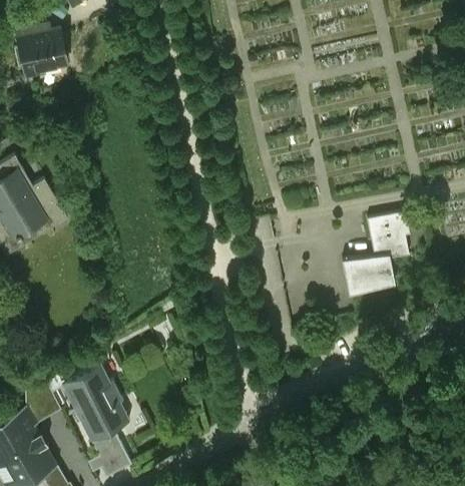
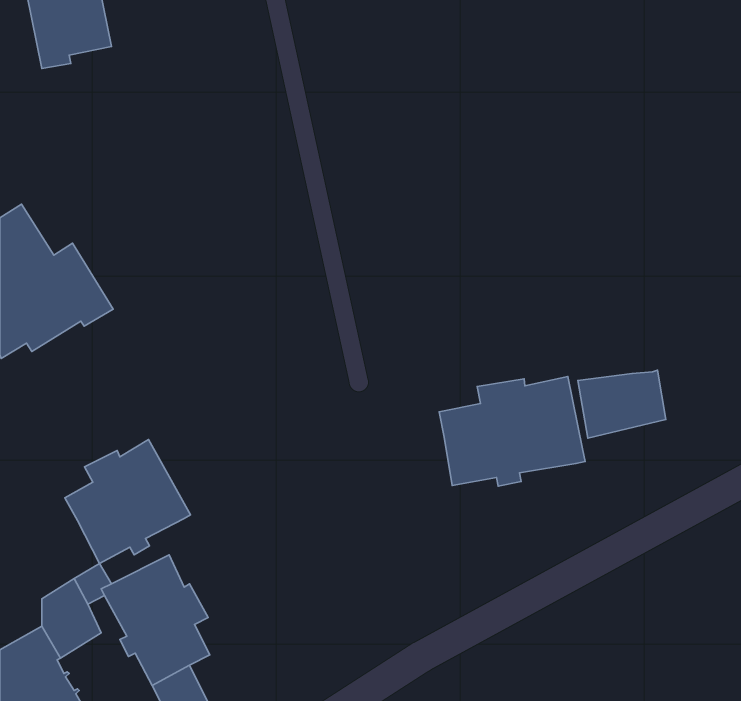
building: [366,213,409,258] -> none
building: none -> [439,376,585,486]
building: none -> [65,440,190,563]

